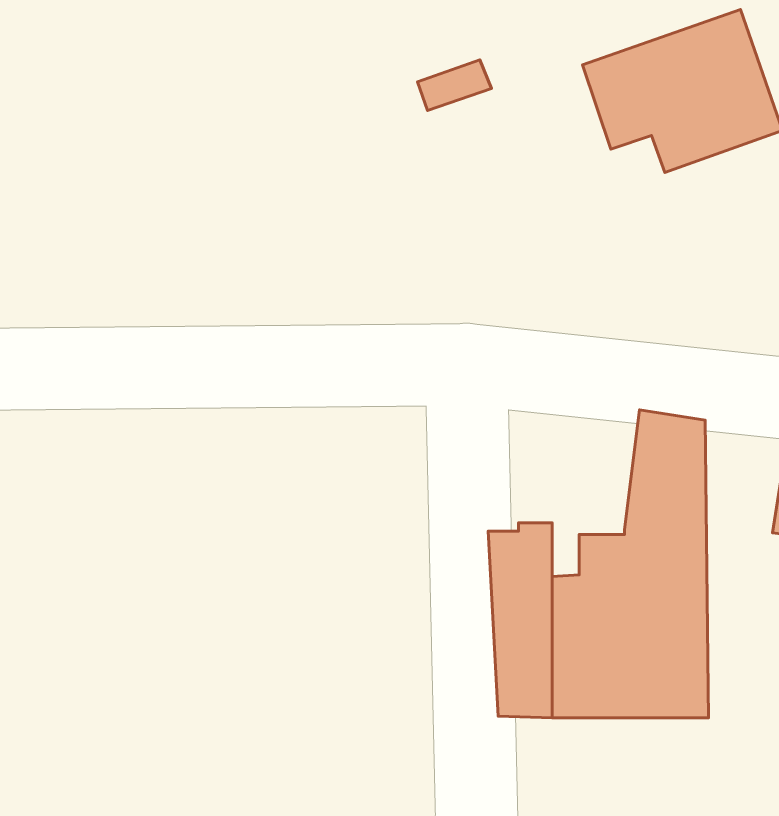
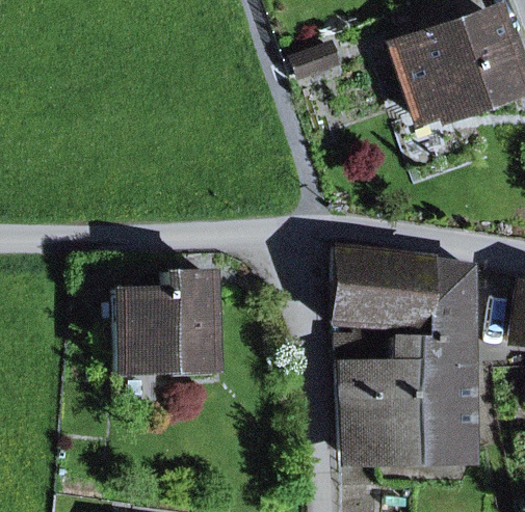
building: none -> [337,248,434,334]
building: none -> [119,288,215,374]

